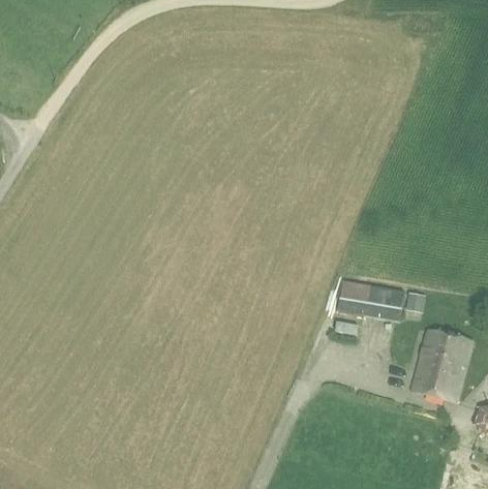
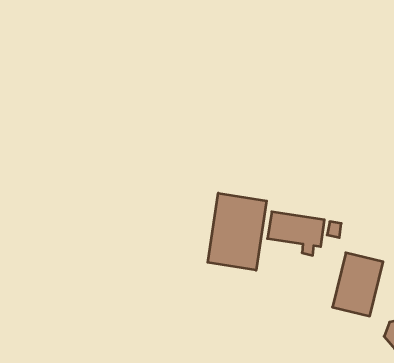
building: none -> [208,193,267,270]

